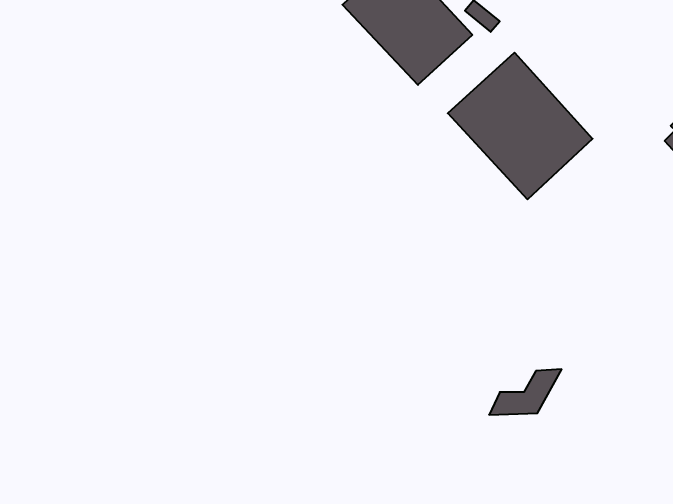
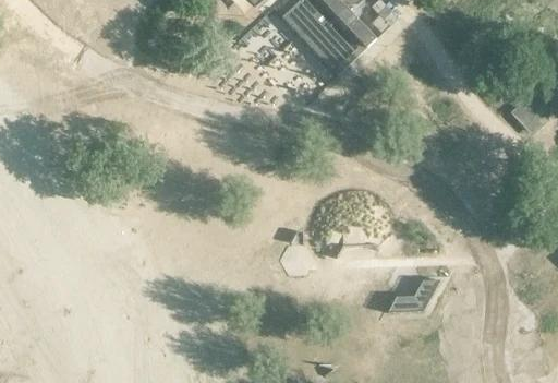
building: [448,53,593,199] -> none

